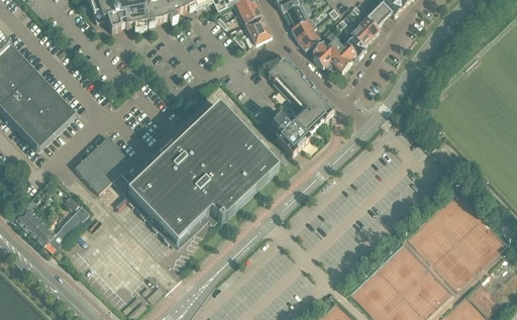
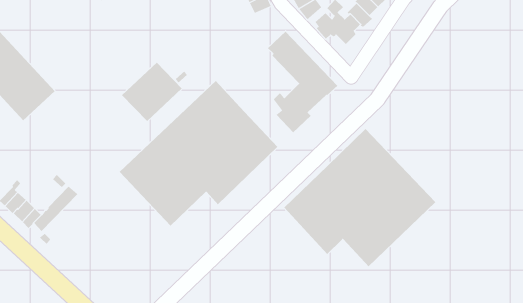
building: [73,135,130,192] -> [121,62,183,122]
building: none -> [283,128,436,267]

